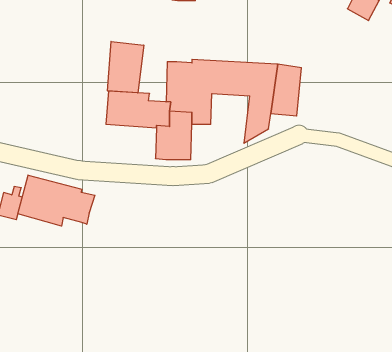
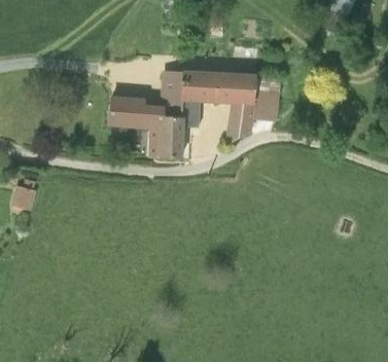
building: [108,41,144,93] -> none
building: [18,175,95,226] -> none

